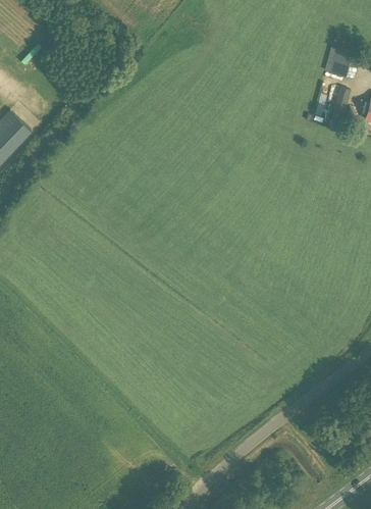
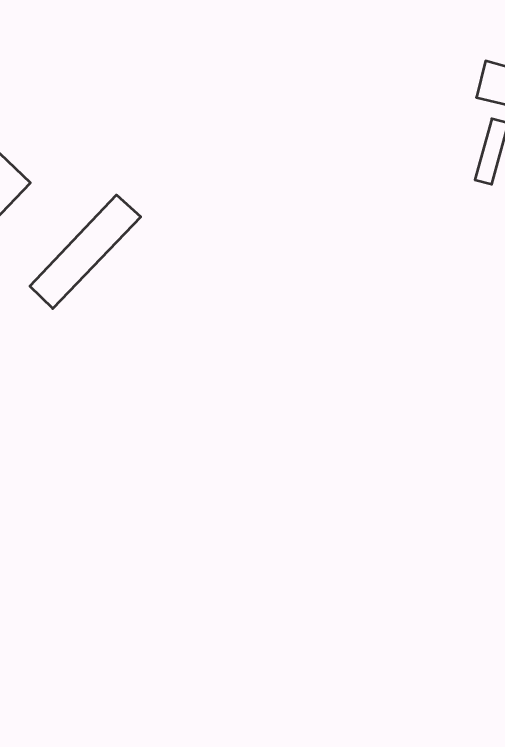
building: none -> [30,195,141,309]

